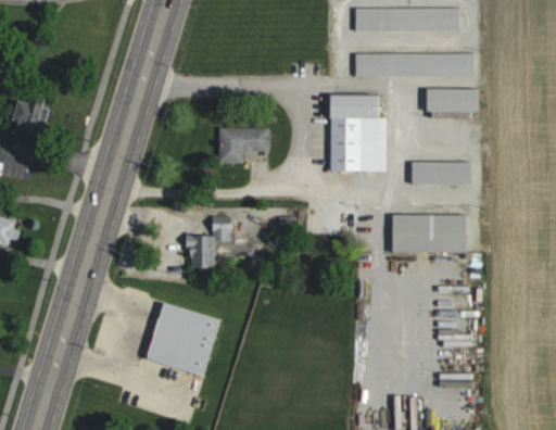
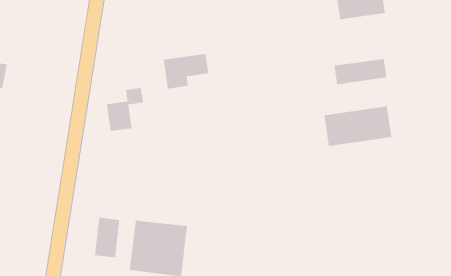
building: [329,94,387,170] -> none
building: [188,224,231,269] -> [106,87,144,132]
building: none -> [94,217,120,258]

